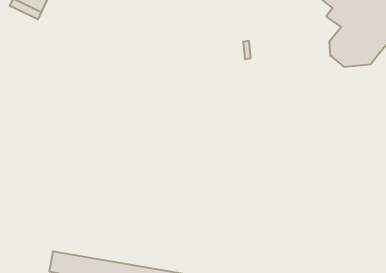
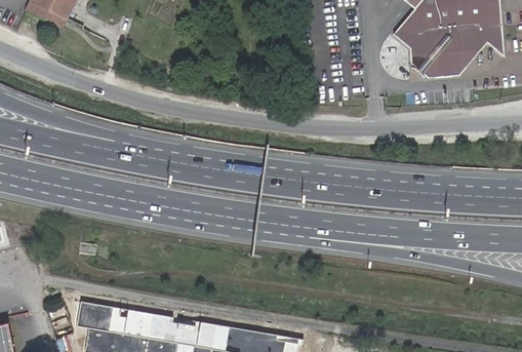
building: none -> [392,23,423,52]

